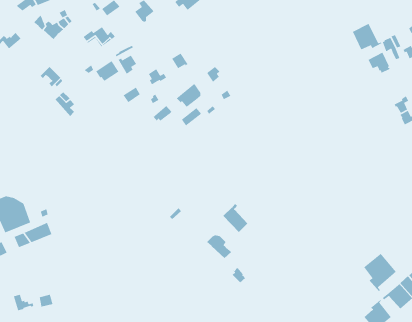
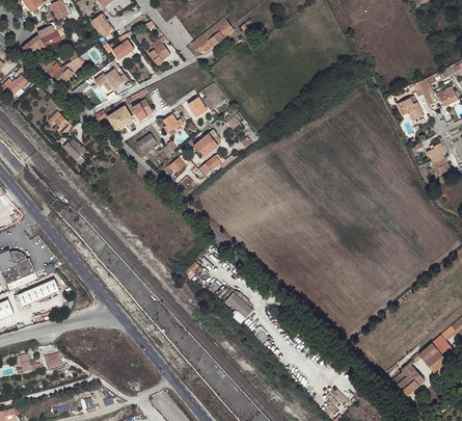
building: [352,23,383,50] -> none
building: [222,203,248,233] -> none
building: [363,253,397,292] -> none

